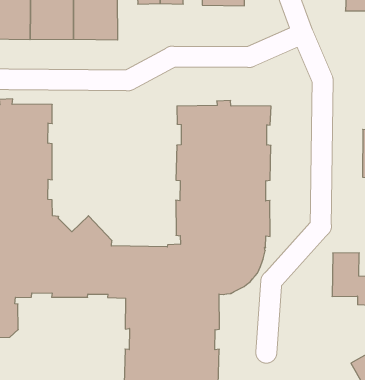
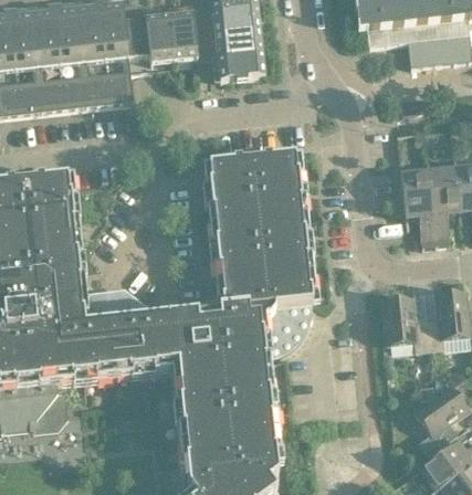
building: none -> [217,50,264,78]

